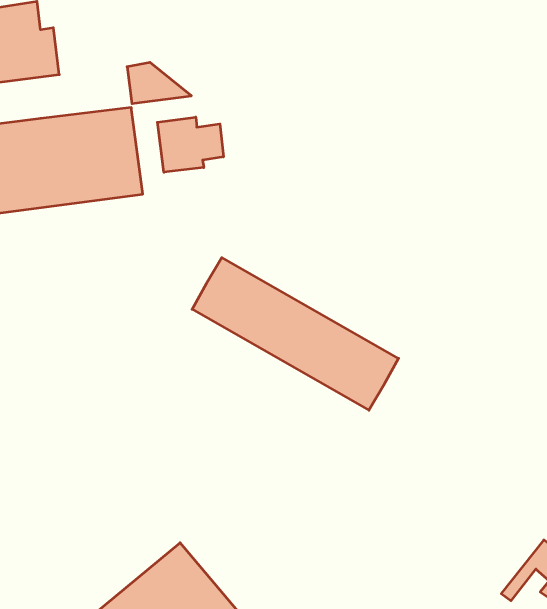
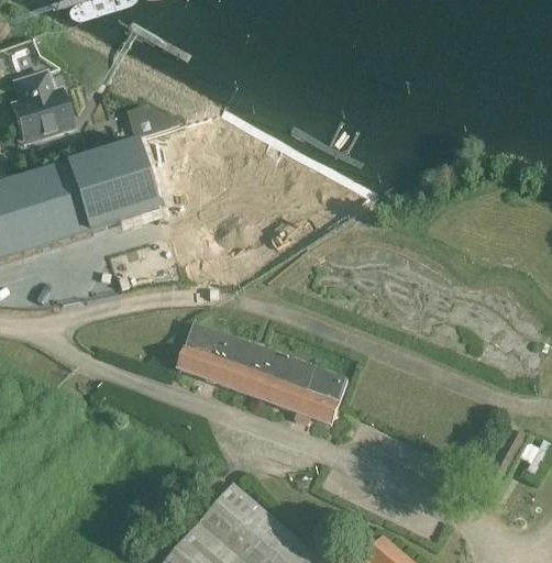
building: [157,117,223,172] -> none
building: [192,258,399,410] -> [177,322,347,423]

